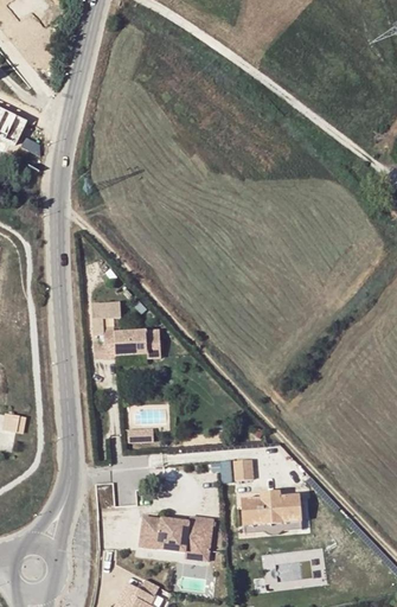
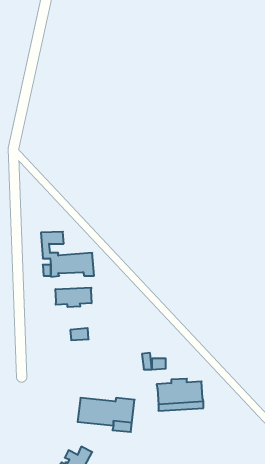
building: none -> [56,288,91,307]

